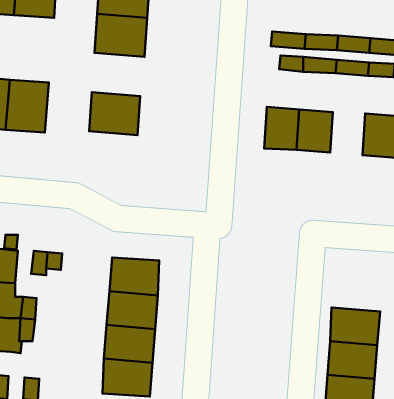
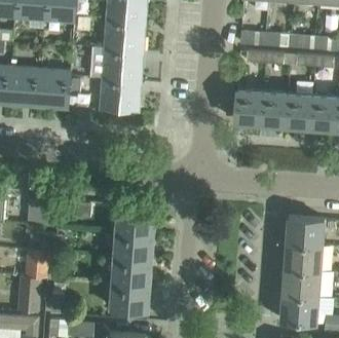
building: none -> [103,48,143,81]
building: none -> [285,93,311,126]
building: none -> [286,217,325,246]

